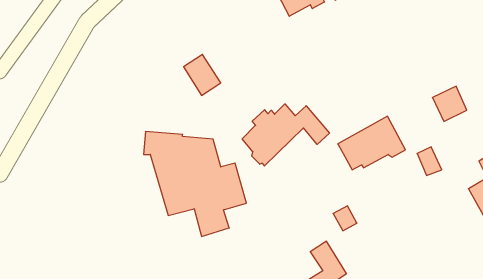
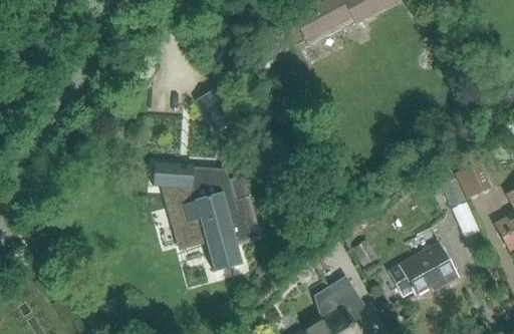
building: [432,86,467,121] -> [455,160,491,198]
building: [242,104,329,166] -> none
building: [338,116,405,170] -> [388,241,459,297]

